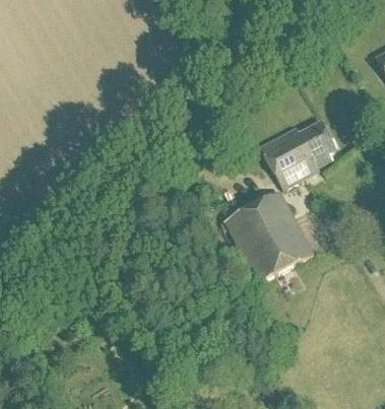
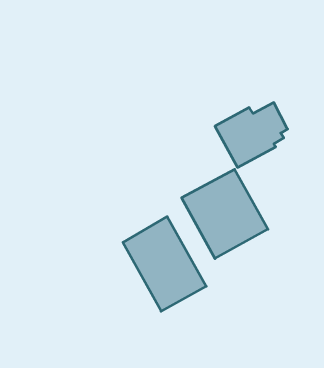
building: none -> [123,217,206,311]

